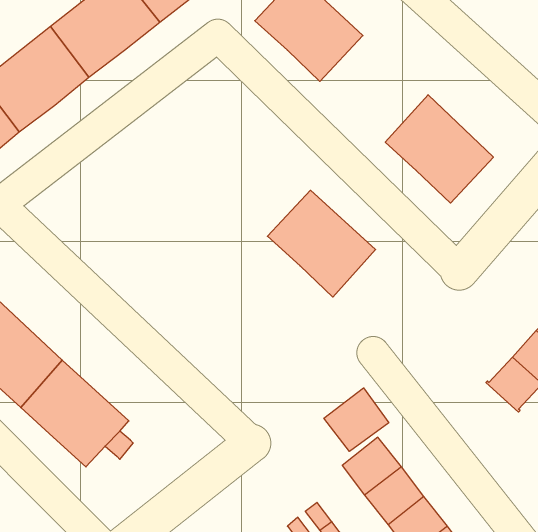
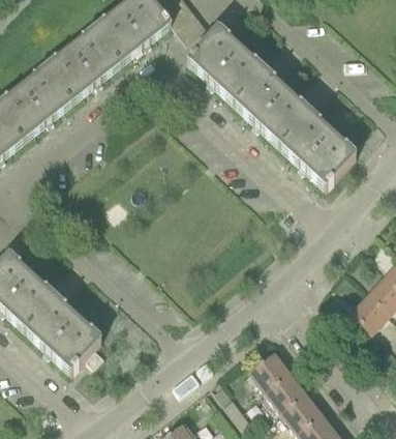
building: [267,190,376,297] -> [234,68,309,143]
building: [324,388,389,451] -> none

